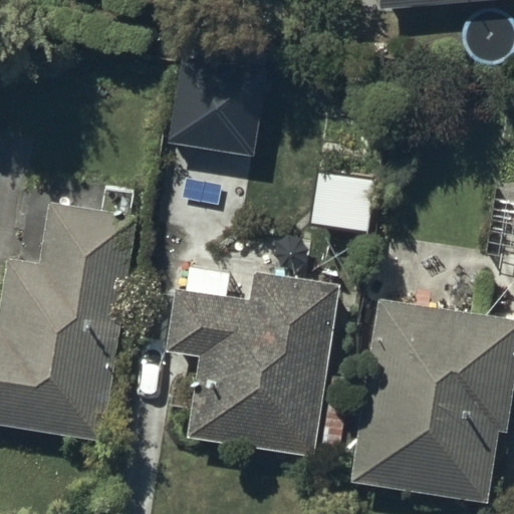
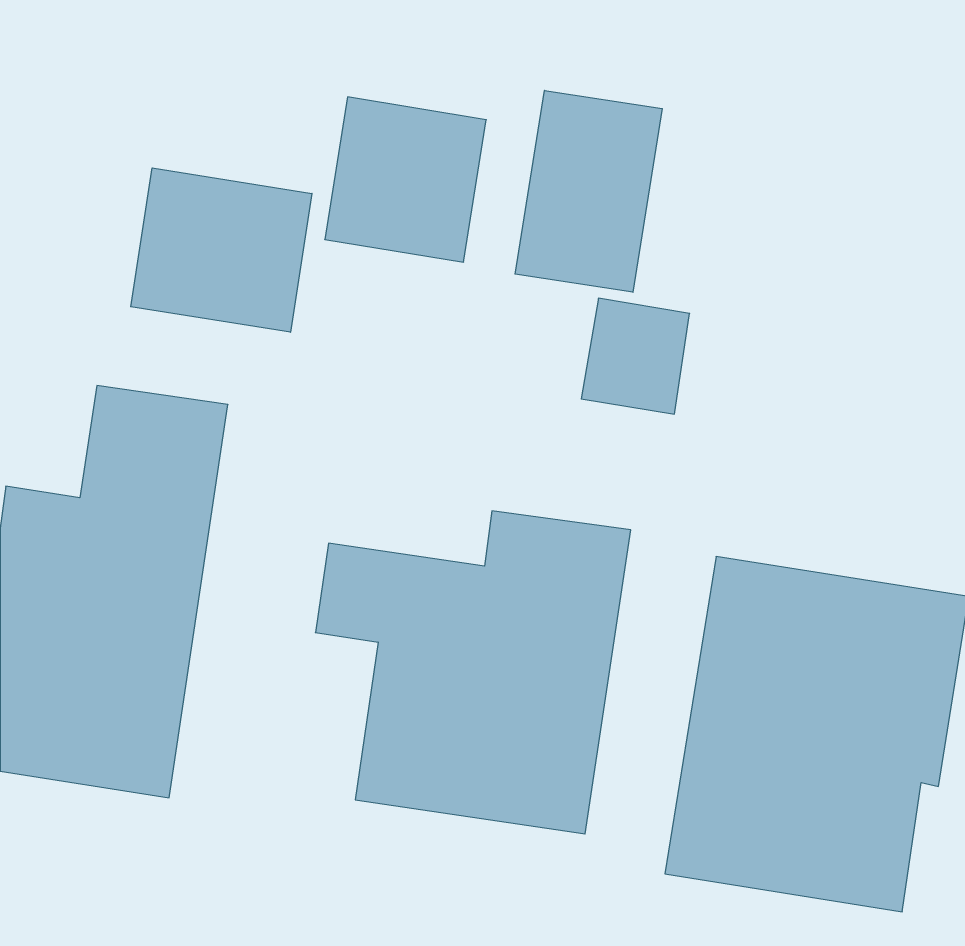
building: none -> [515,90,662,292]
building: none -> [131,168,312,332]

